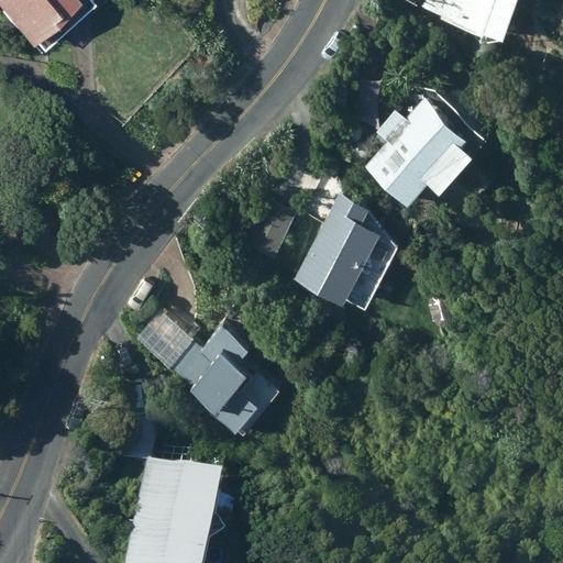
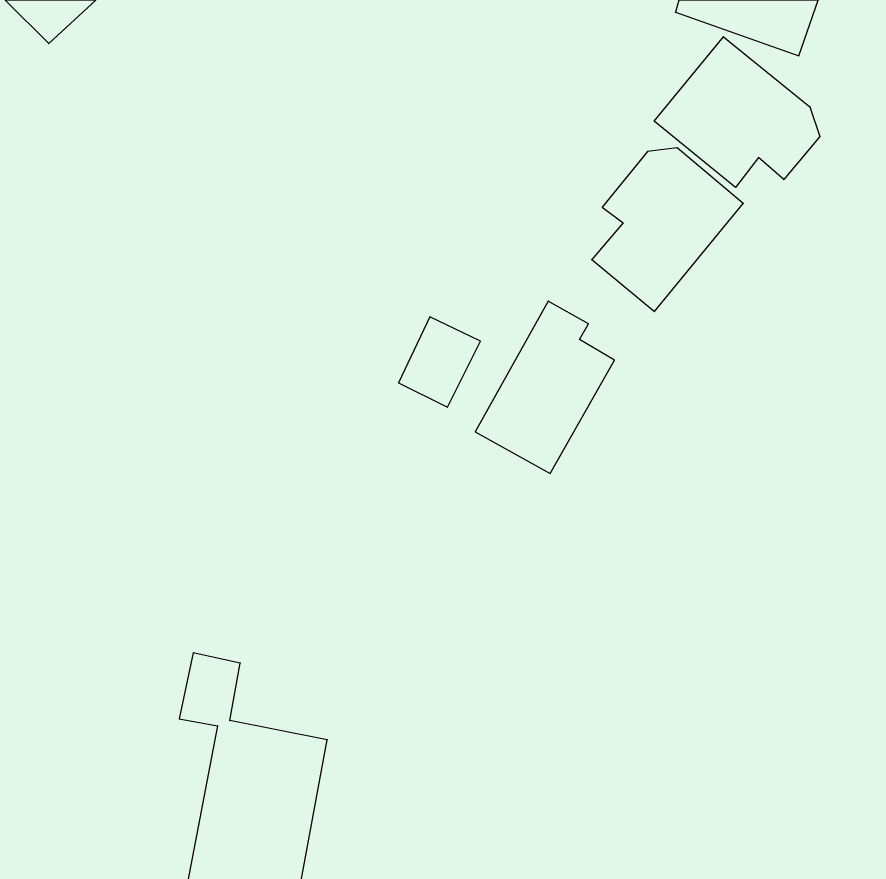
building: none -> [654,37,820,187]
building: [144,323,265,433] -> none

